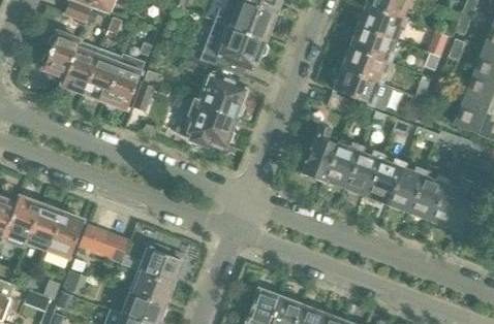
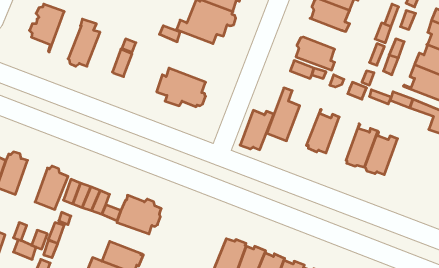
building: [63,40,100,92] -> none
building: [342,47,384,84] -> none
building: [104,54,145,108] -> none
building: [194,75,246,118] -> none
building: [323,143,361,187] -> [240,110,274,150]
building: [367,156,403,203] -> none
building: [431,179,476,230] -> none
building: [26,201,61,249] -> none
building: [129,271,175,305] -> none

